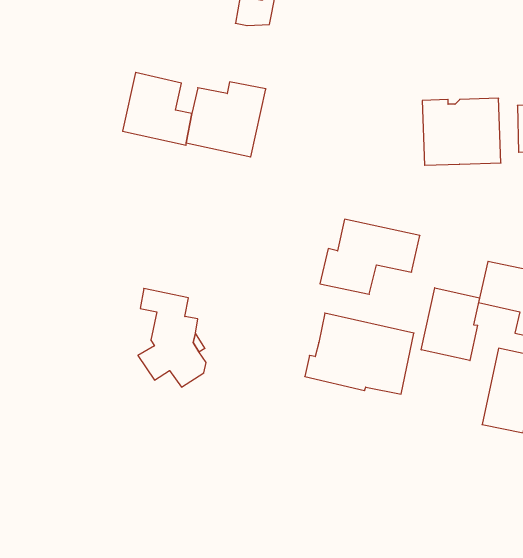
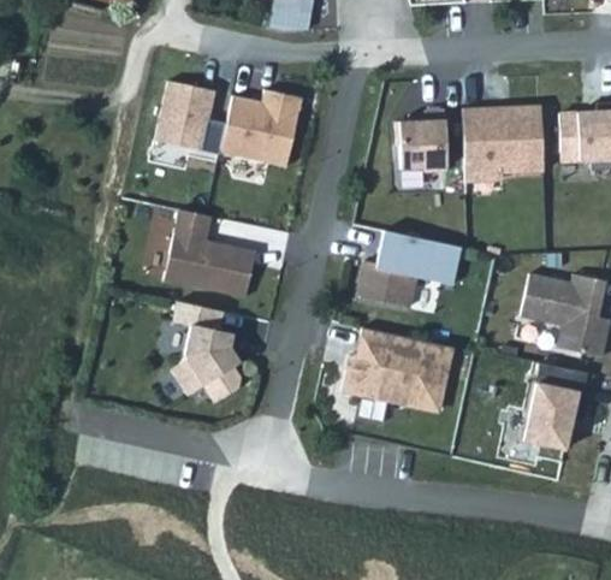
building: none -> [396,110,447,172]
building: none -> [164,208,255,297]
building: [421,288,479,361] -> none

